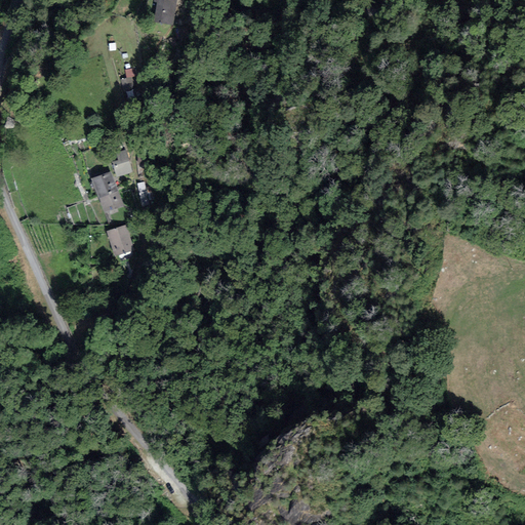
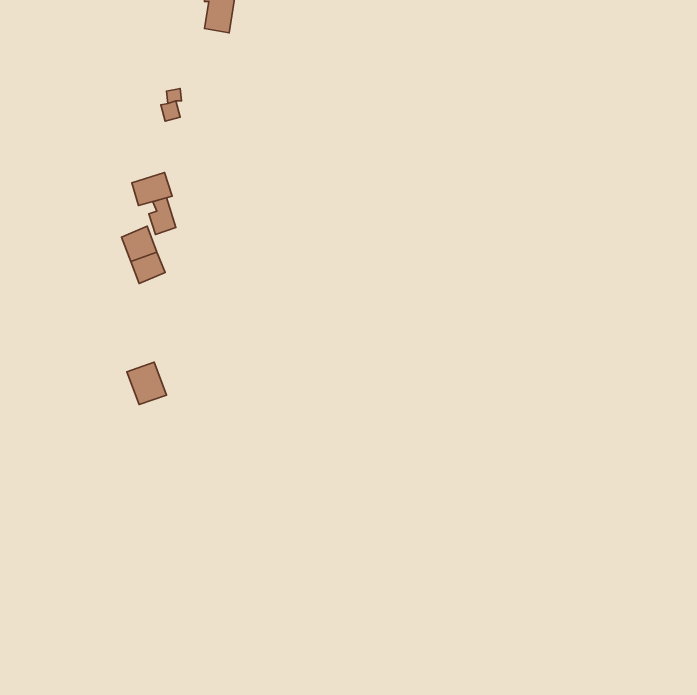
building: none -> [132,172,172,206]
building: [106,224,135,255] -> [127,362,167,405]

